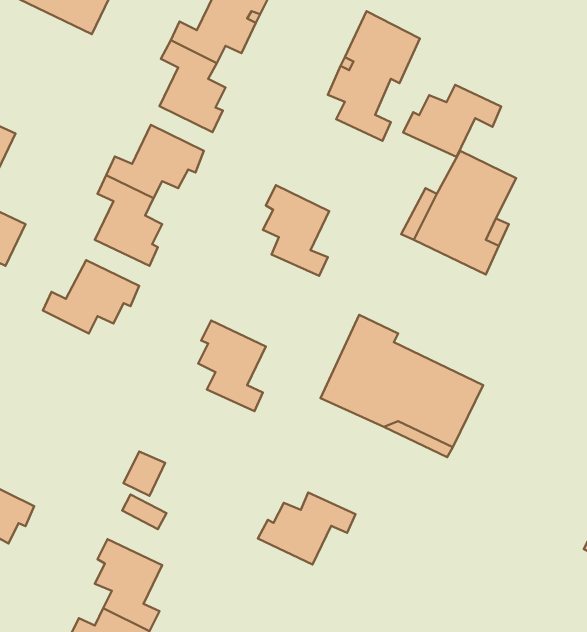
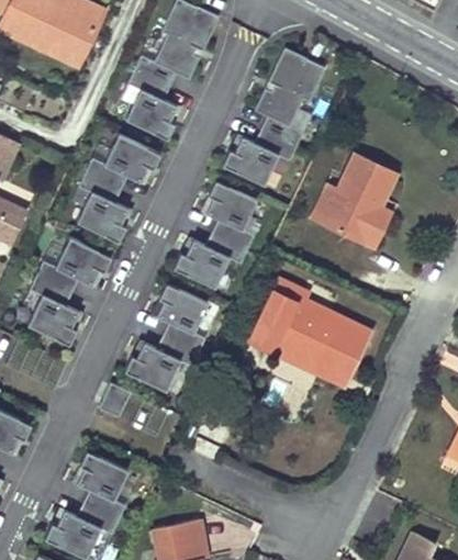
building: [403,85,501,157] -> [222,130,297,184]
building: none -> [172,233,248,289]
building: none -> [27,276,79,345]
building: [258,493,356,565] -> [124,336,199,391]

